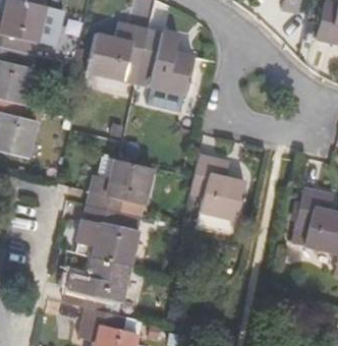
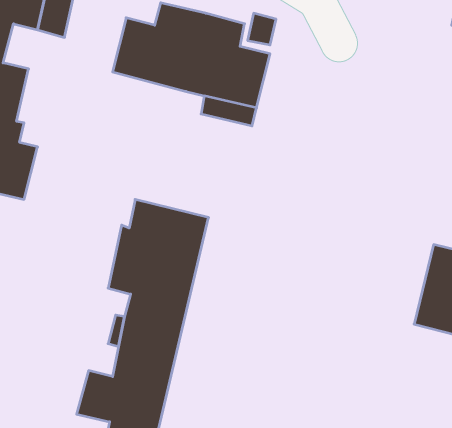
building: [189,154,244,237] -> none

